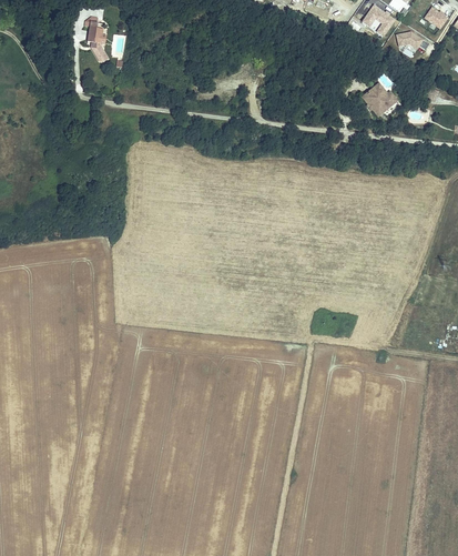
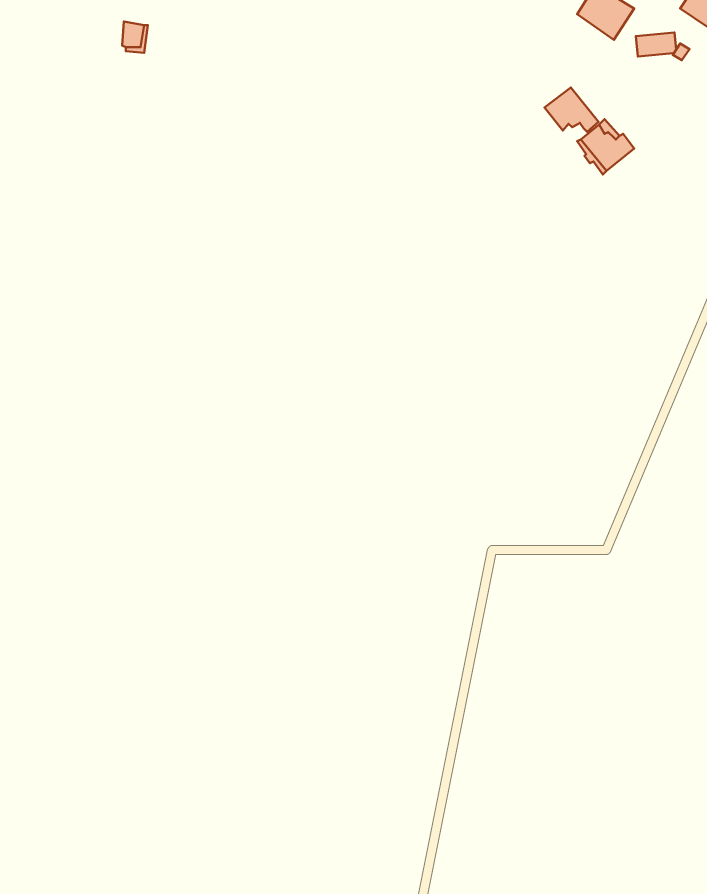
building: none -> [545,88,598,132]

